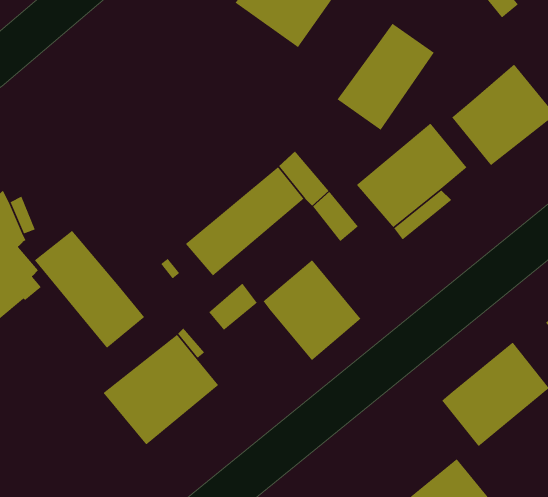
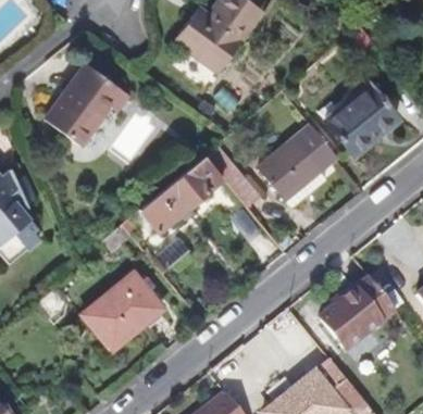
building: [336,22,435,131] -> none
building: none -> [46,63,129,146]
building: [34,230,145,349] -> none
building: [262,259,362,361] -> none

